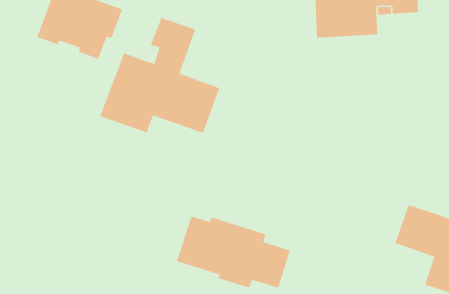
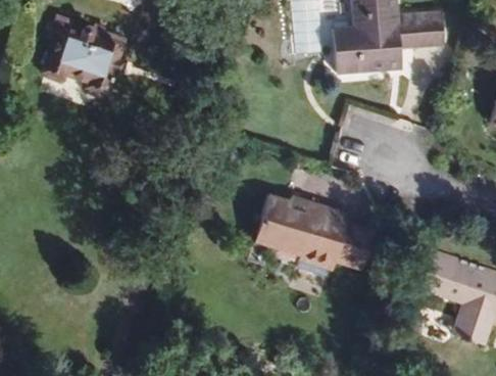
building: [100,17,220,134] -> none
building: [176,216,290,288] -> [254,194,375,271]

